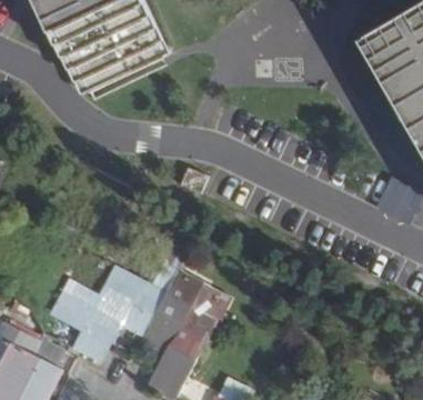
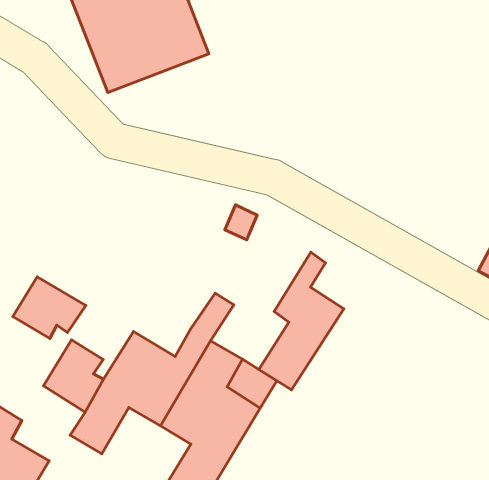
building: none -> [259,252,344,390]
building: none -> [13,277,86,338]

